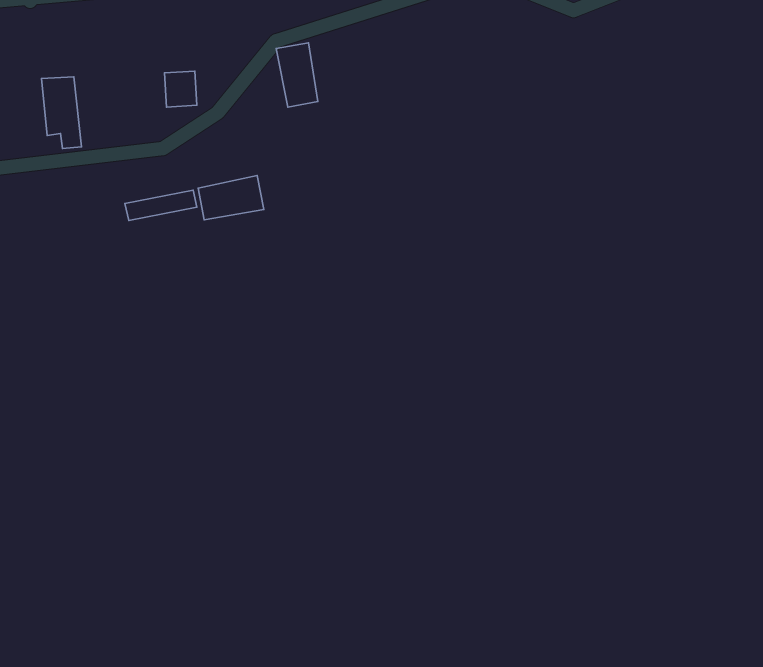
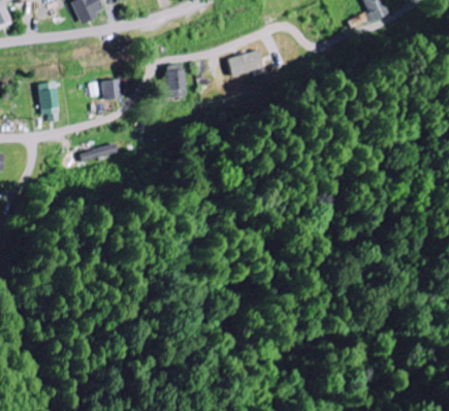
building: none -> [229,49,266,75]
building: [198,176,264,220] -> none

